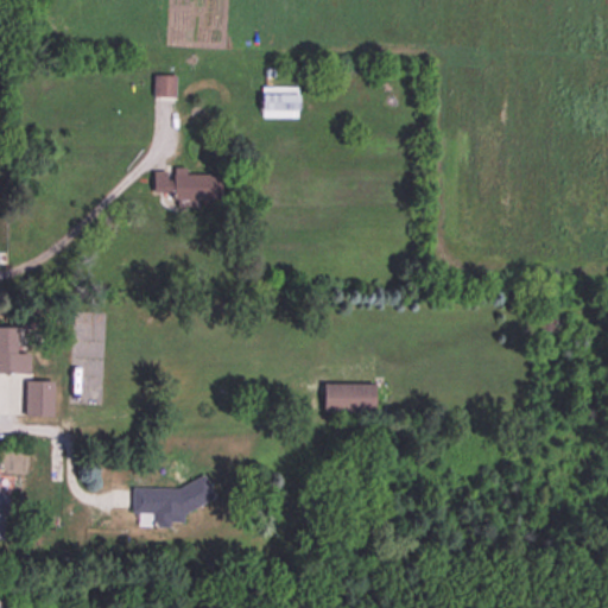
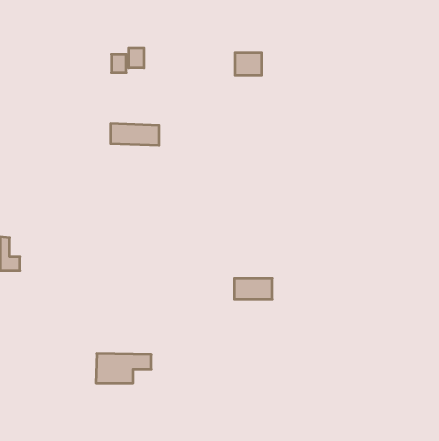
building: none -> [129,48,144,68]
building: [264,87,300,118] -> [235,53,262,75]
building: [27,380,53,416] -> none

